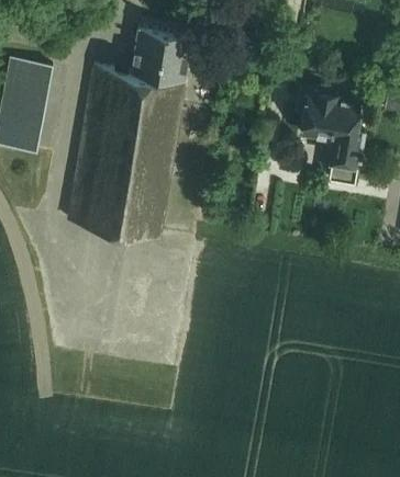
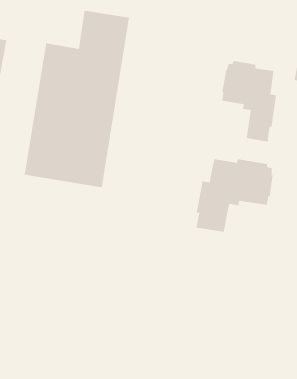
building: none -> [196,159,273,232]

